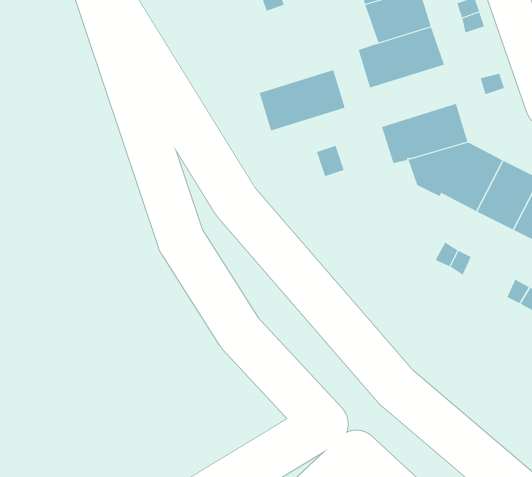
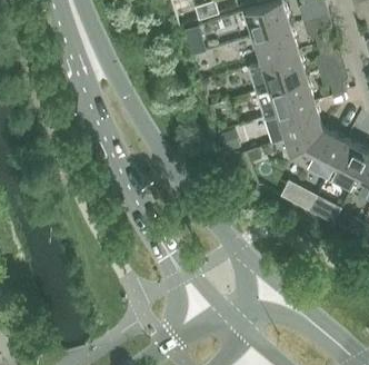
building: [259,69,346,131] -> [256,78,313,119]

